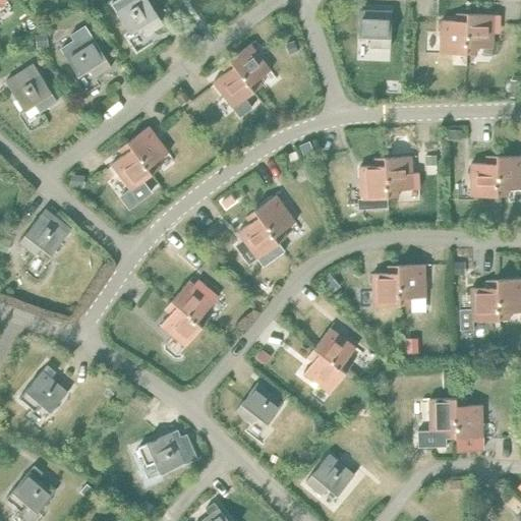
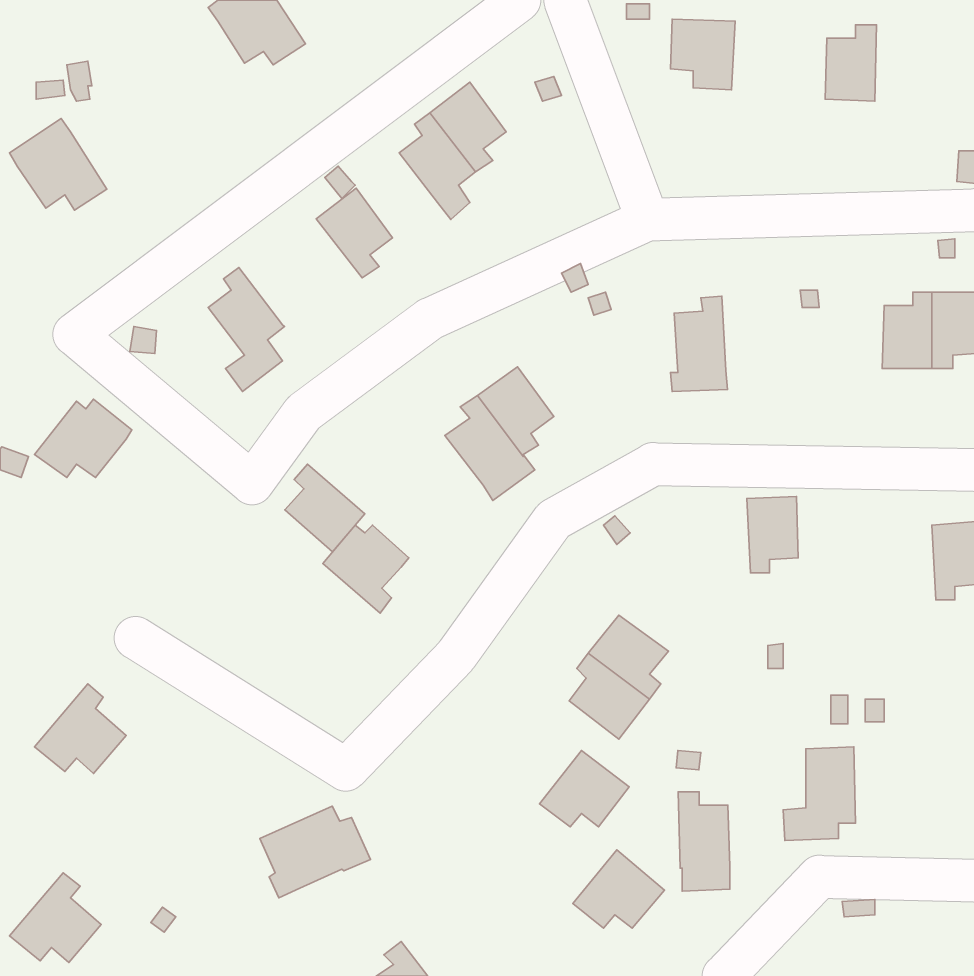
building: [467,13,495,54] -> none
building: [61,25,112,77] -> none
building: [128,126,169,174] -> [316,188,393,278]
building: [386,156,420,197] -> none
building: [373,266,401,306] -> none
building: [460,280,500,330] -> none
building: [161,300,204,347] -> [285,464,365,552]
building: [236,383,284,423] -> [539,751,629,827]
building: [456,398,483,451] -> [678,792,730,891]

